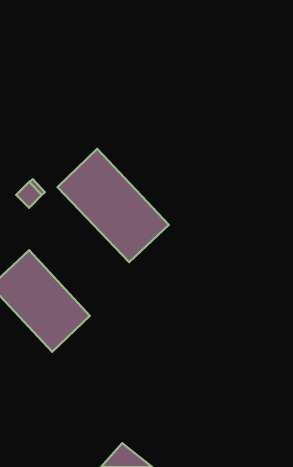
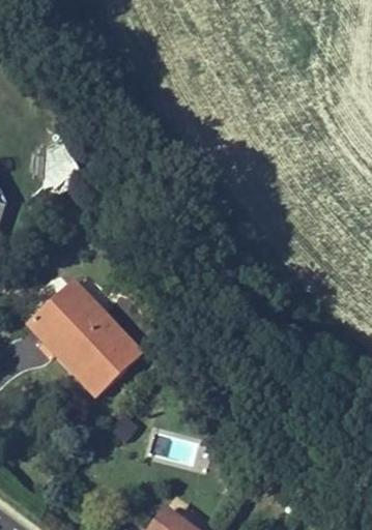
building: [57,149,169,262] -> none

